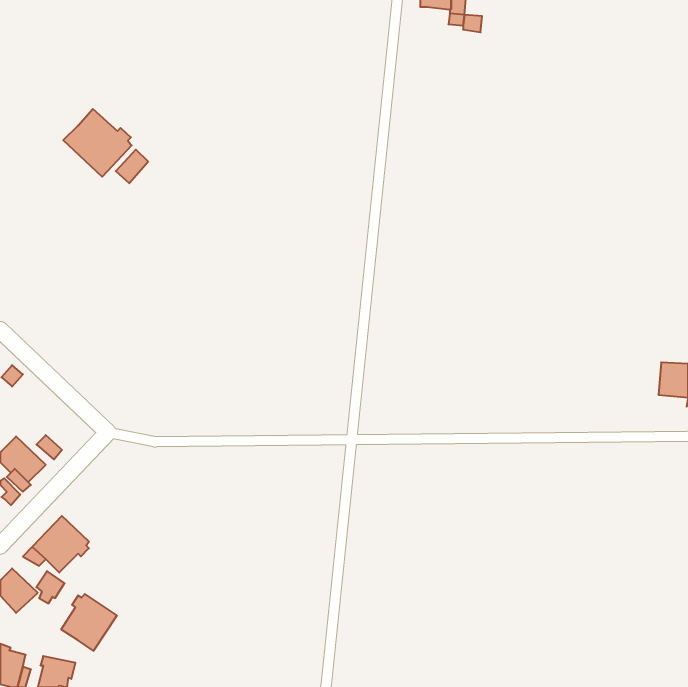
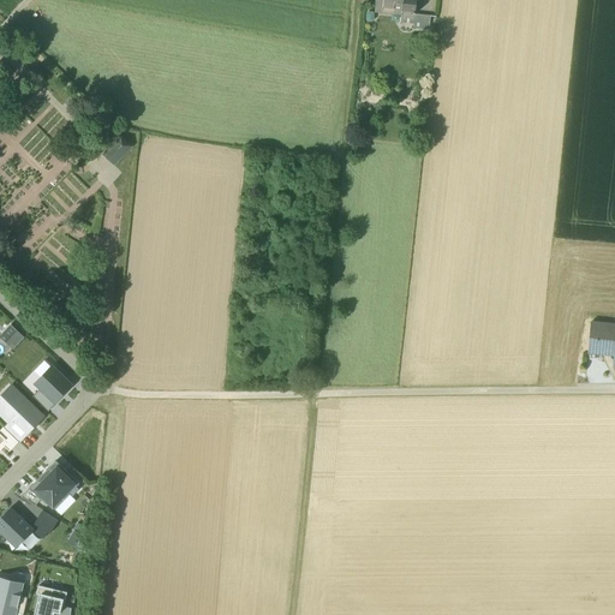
building: [63,109,132,177] -> none
building: none -> [36,366,70,400]
building: [61,594,117,651] -> none

